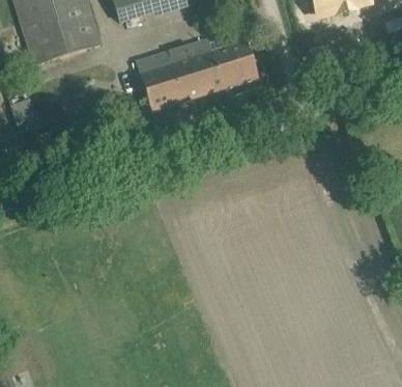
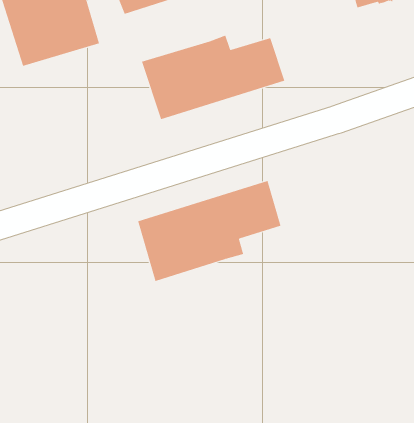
building: none -> [138,180,281,282]

